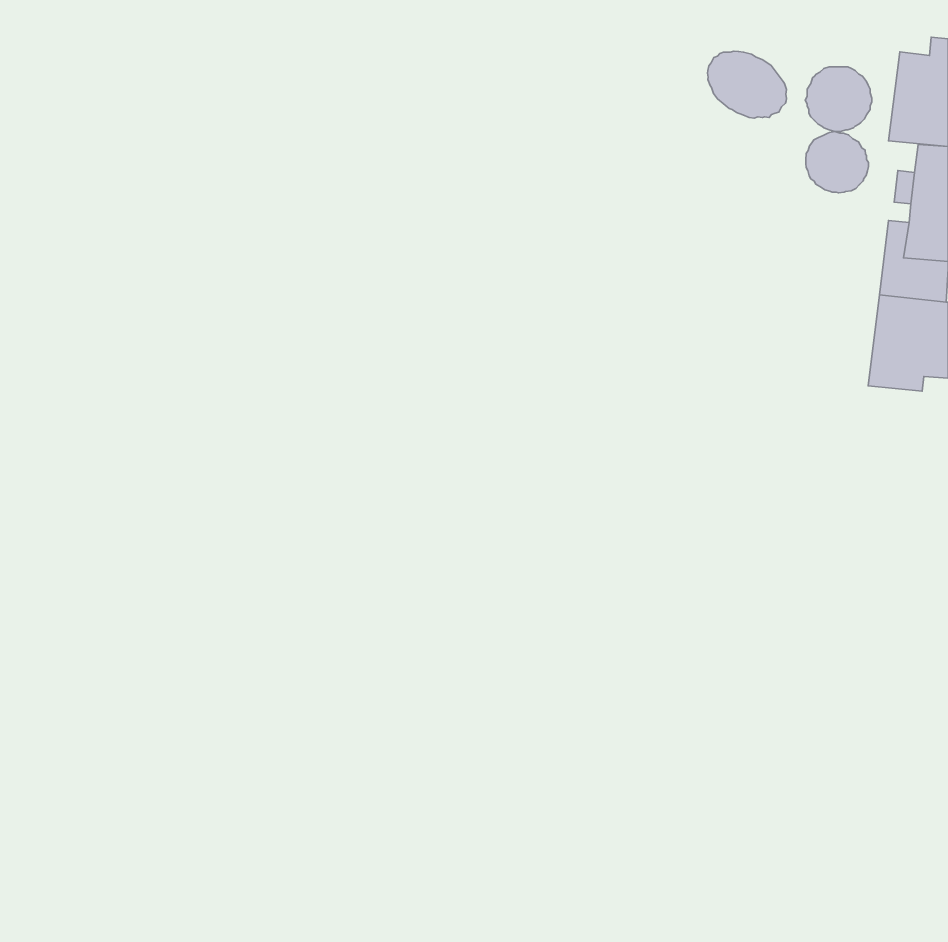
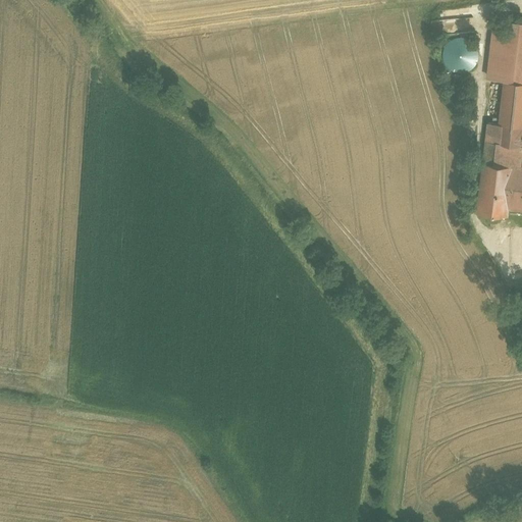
building: [707,51,787,118] -> none
building: [806,132,869,193] -> none

